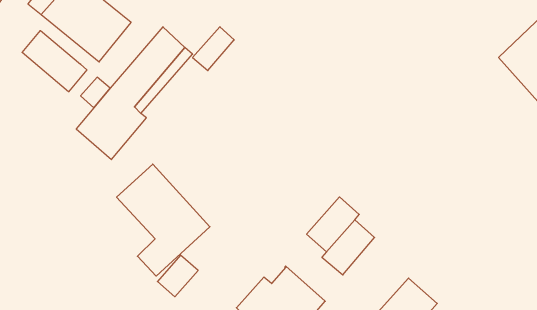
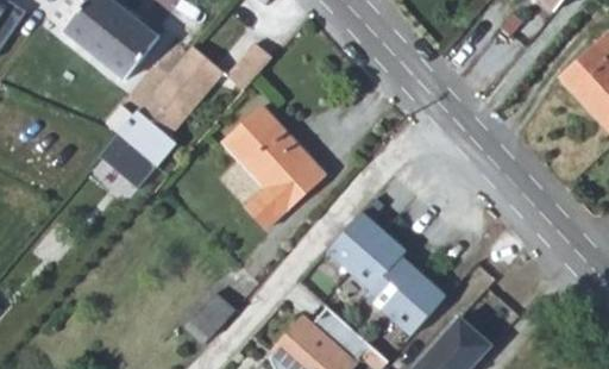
building: [22,31,87,92] -> none
building: [117,164,210,276] -> [224,108,325,230]
building: none -> [327,209,385,270]
building: none -> [389,274,447,334]

